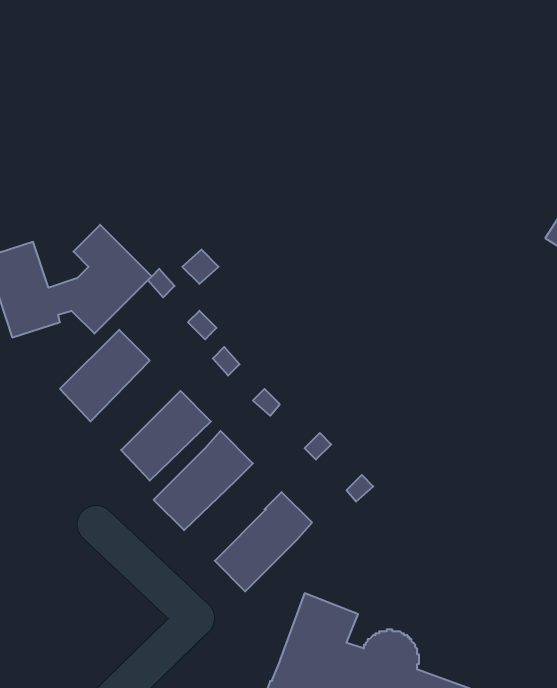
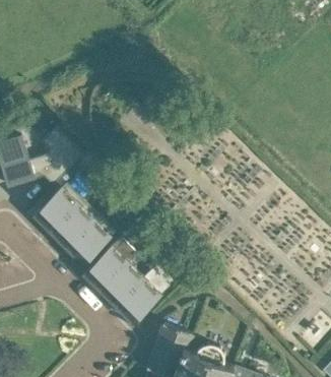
building: none -> [52,199,100,247]
building: none -> [102,263,145,306]

